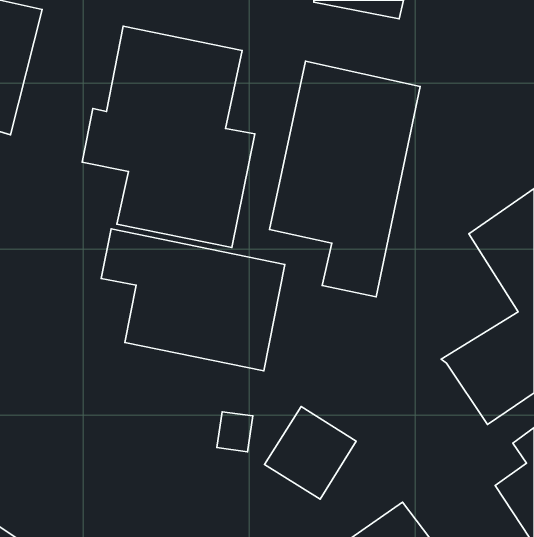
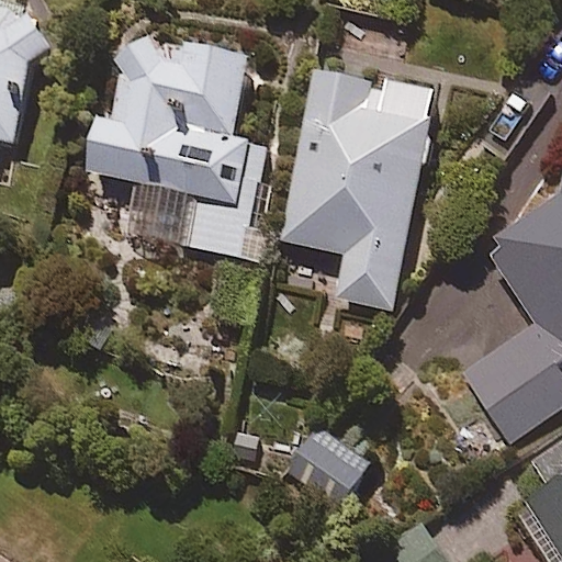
building: [101,229,285,371] -> none

